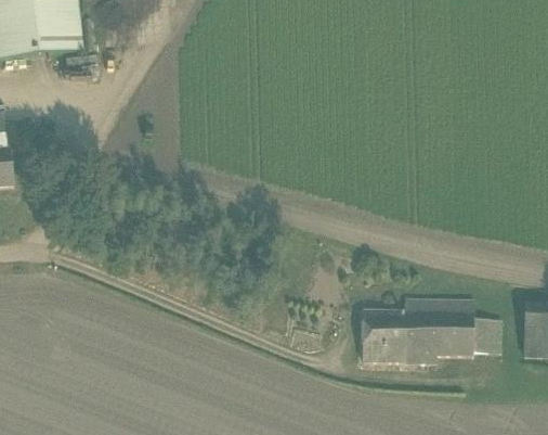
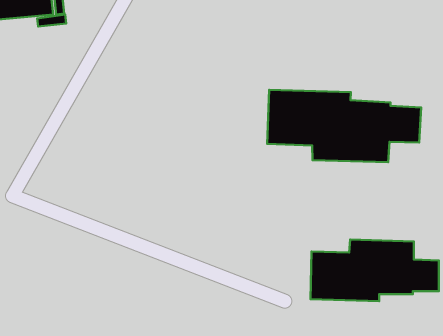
building: none -> [267,90,421,162]

